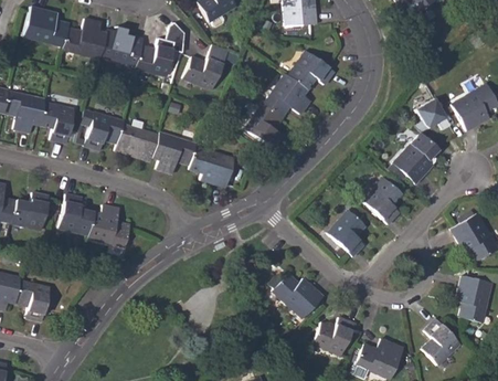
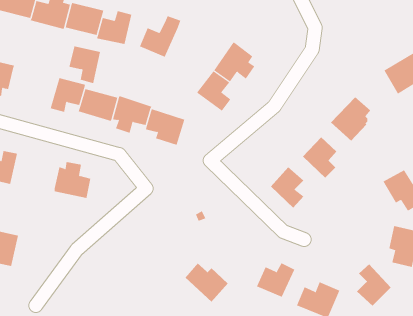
building: [289,50,335,88] -> none
building: [416,97,451,129] -> none
building: [39,102,74,144] -> [69,46,101,84]
building: [59,193,94,234] -> none
building: [273,273,321,317] -> [184,263,228,303]

